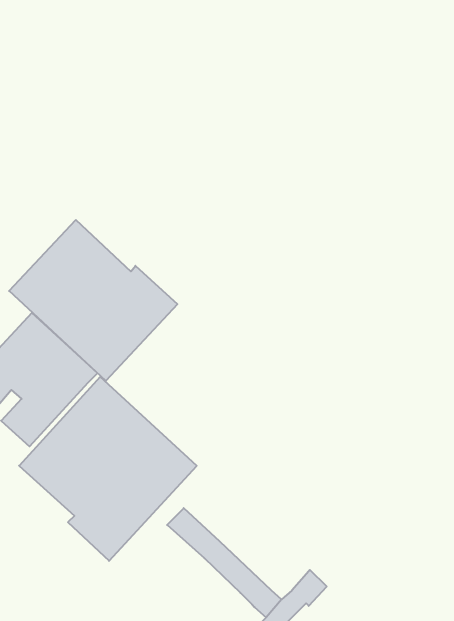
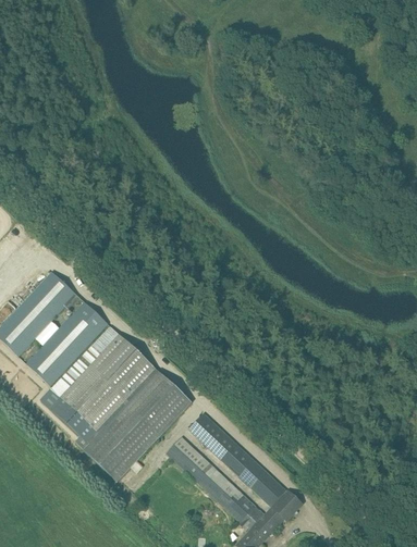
building: [9,220,177,381] -> none
building: none -> [188,413,286,507]

